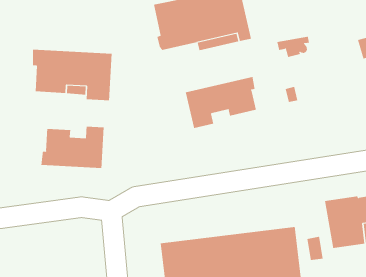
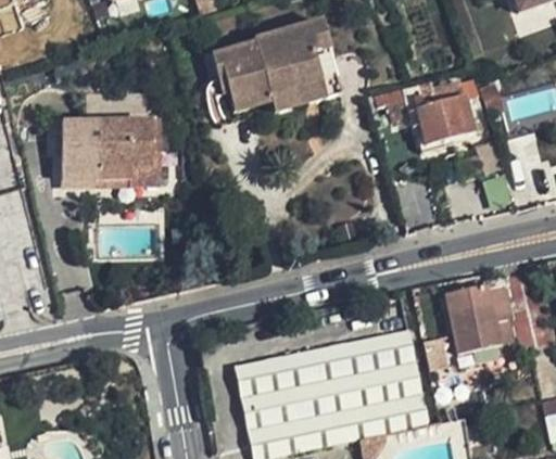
building: none -> [417,76,477,140]
building: [185,76,256,129] -> none
building: [41,126,104,169] -> none

